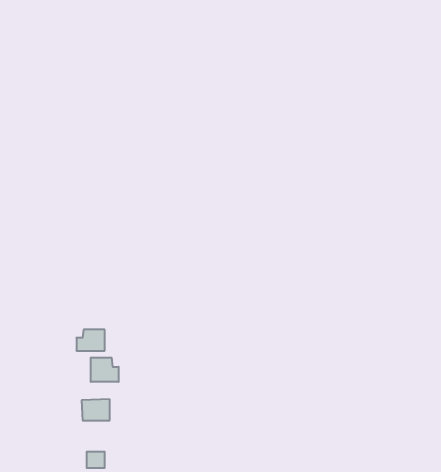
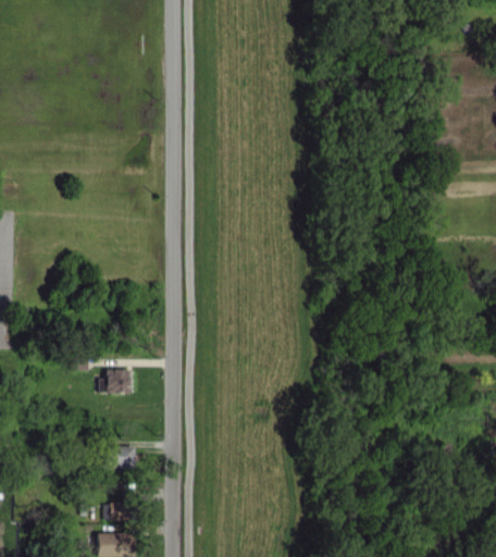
building: [91,358,119,382] -> none

